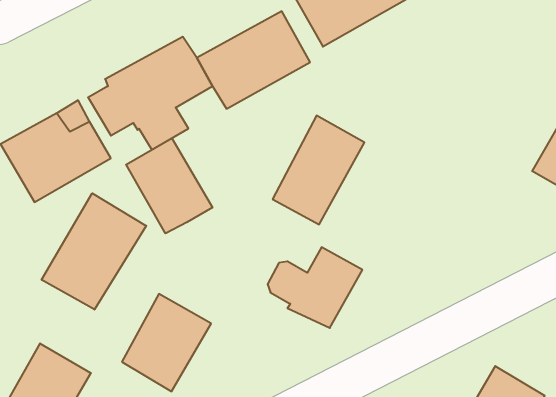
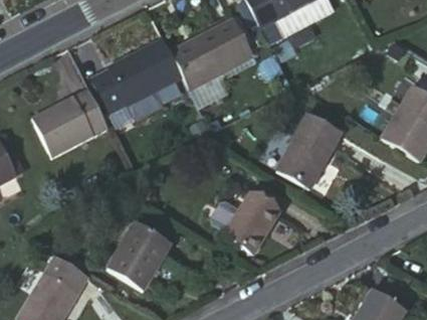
building: [273,116,364,224] -> [289,111,355,188]
building: [126,138,212,233] -> none
building: [42,193,146,310] -> none

